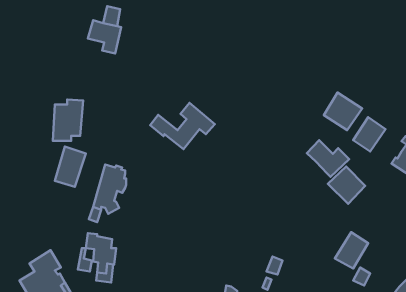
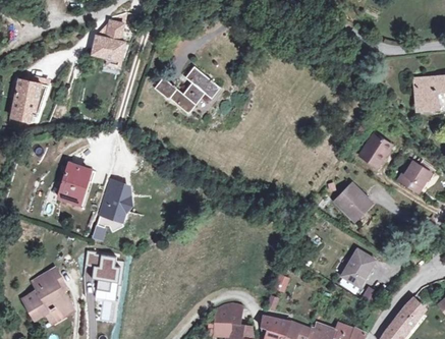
building: [324,93,362,130] -> none
building: [53,100,83,141] -> [15,71,46,113]
building: [150,103,215,149] -> [155,66,220,113]
building: [307,140,349,177] -> none

